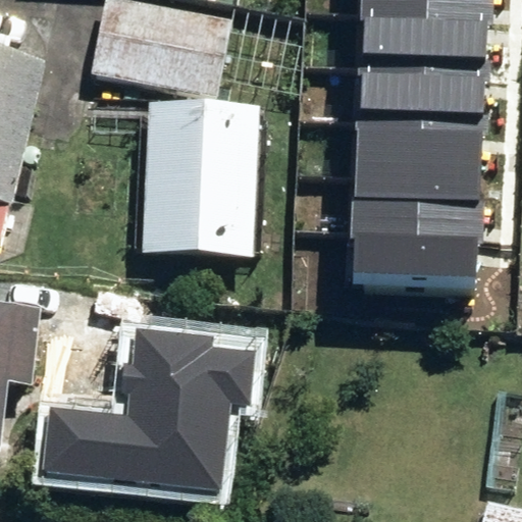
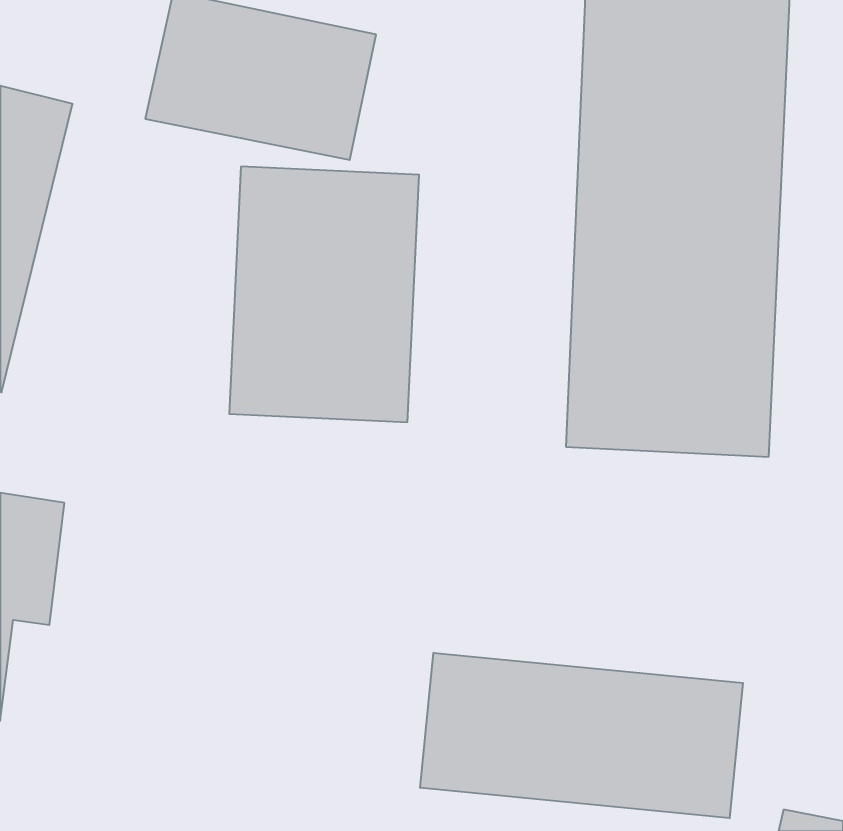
building: [42,323,246,481] -> none
building: none -> [420,653,743,818]

